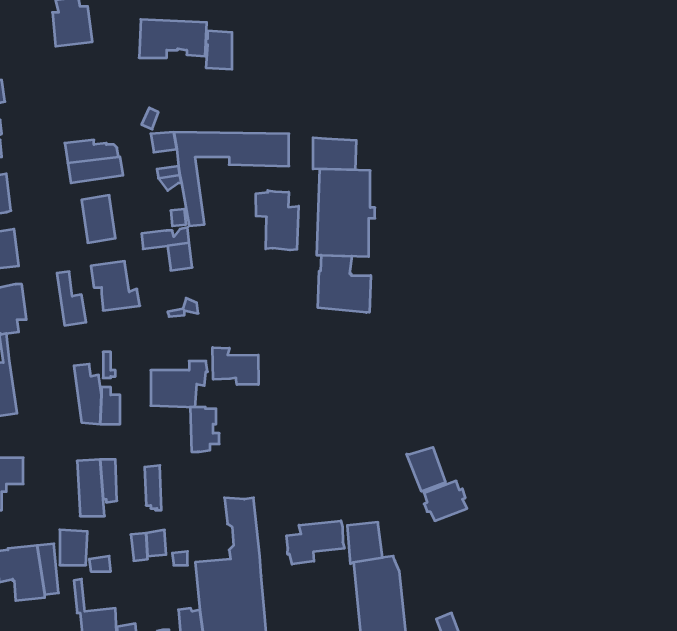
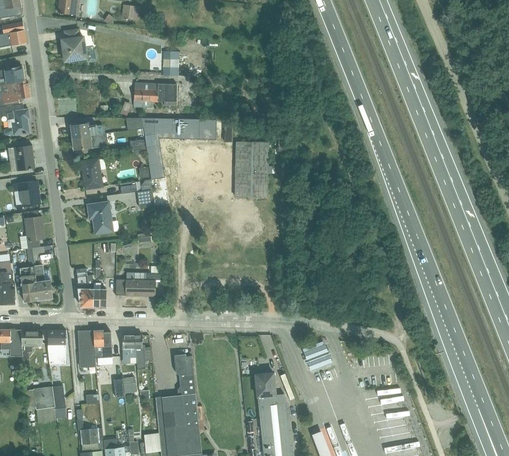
building: [139,19,207,58] -> [132,82,176,107]
building: [313,138,356,170] -> none
building: [256,190,299,250] -> none
building: [318,255,371,313] -> none
building: [57,272,86,325] -> [33,265,52,300]
building: [213,347,258,385] -> none
building: [190,407,219,452] -> [131,334,150,363]
building: [407,447,445,491] -> none
building: [287,521,344,564] -> none
building: [60,530,87,565] -> [47,329,65,352]

